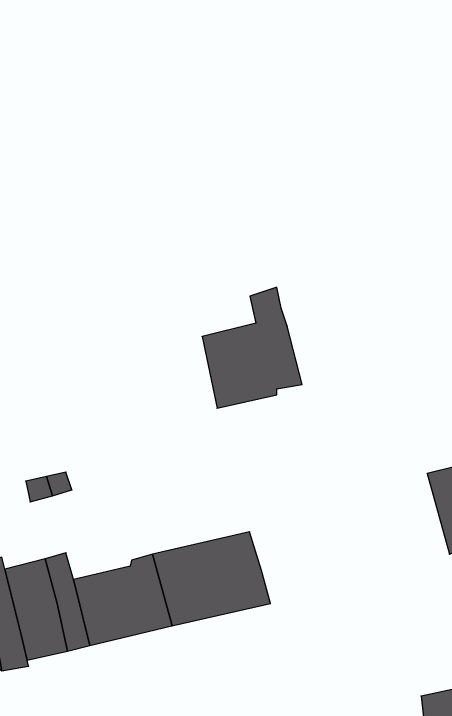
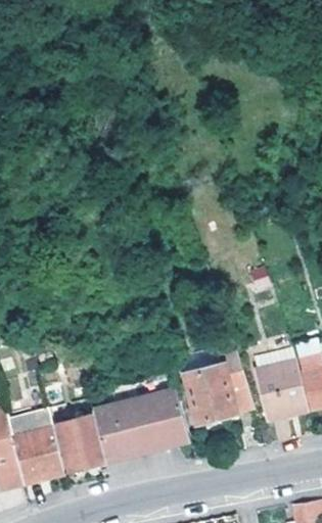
building: [202,287,302,408] -> [185,340,254,423]
building: none -> [255,361,308,418]

